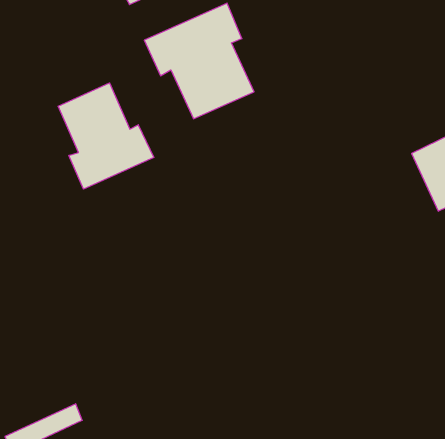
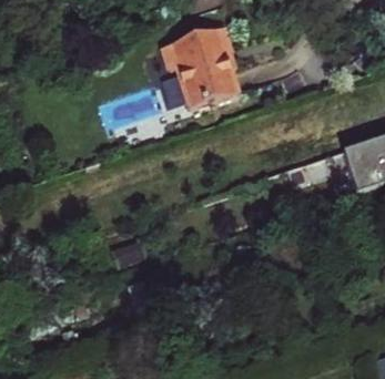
building: [58,83,154,189] -> none

